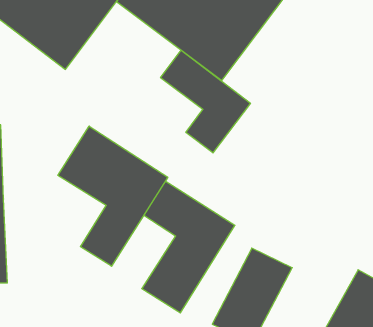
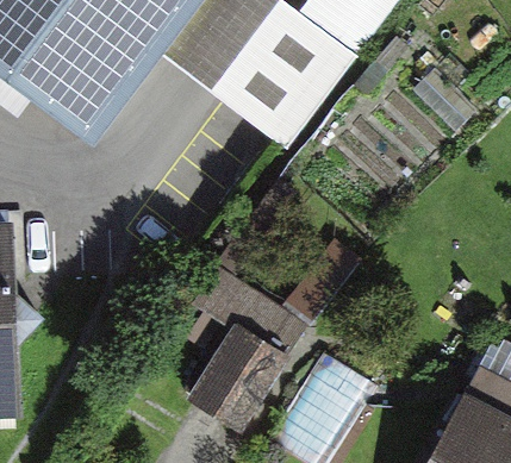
building: [161,50,250,153] -> none
building: [58,126,168,266] -> none

